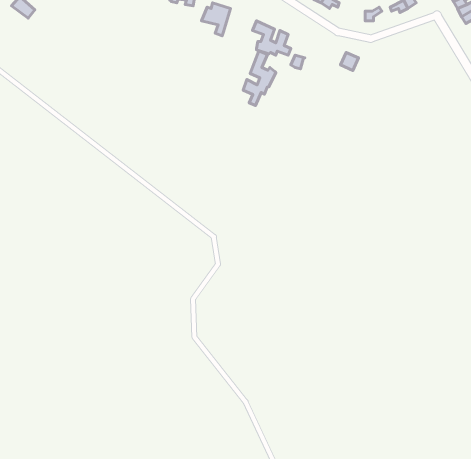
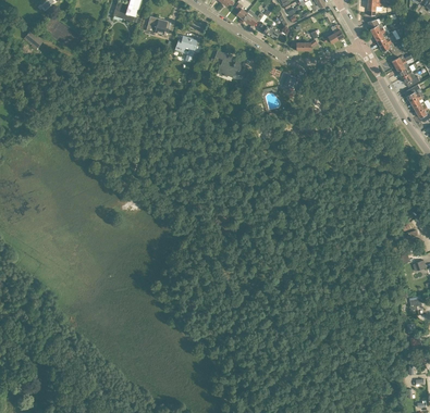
building: [243,51,276,105] -> none

